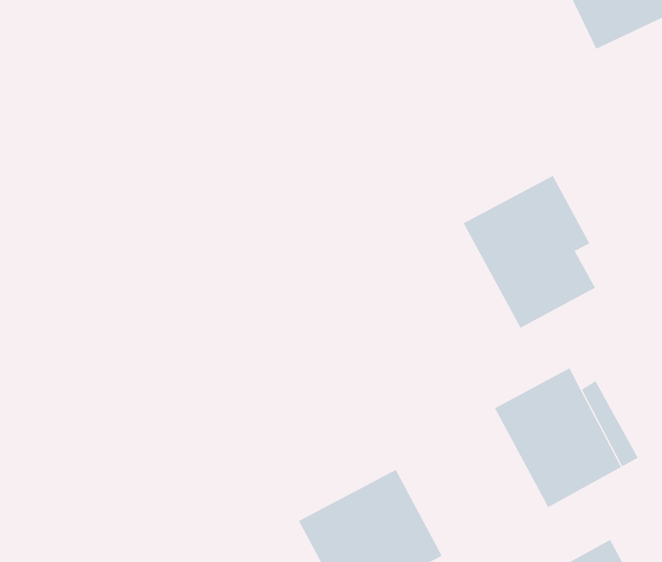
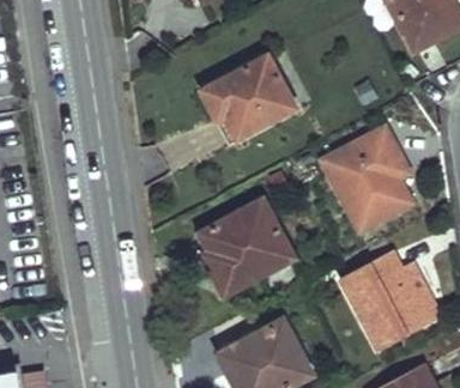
building: none -> [202,57,293,139]
building: none -> [200,199,293,291]

